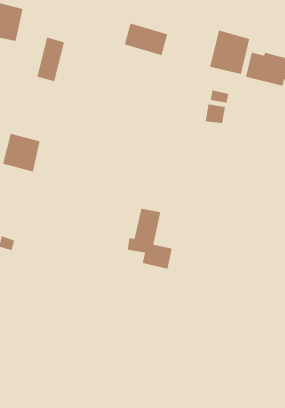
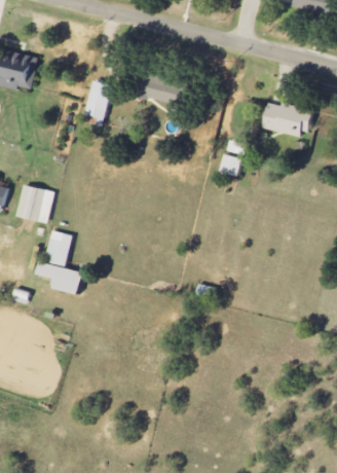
building: [209,30,250,75] -> none
building: [36,37,65,82] -> [83,80,112,126]
building: [127,208,172,269] -> [37,231,83,294]

